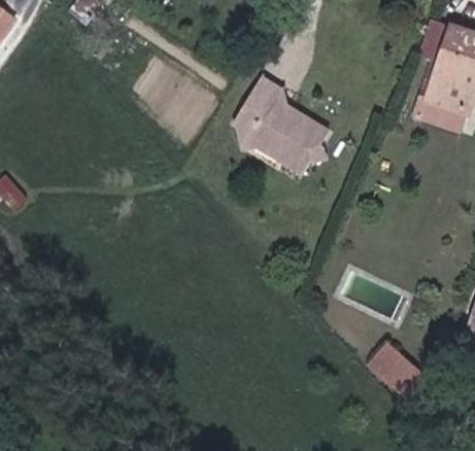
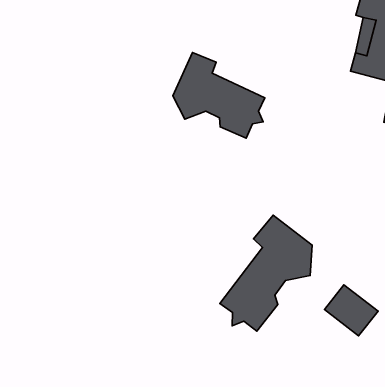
building: none -> [220,215,312,331]

